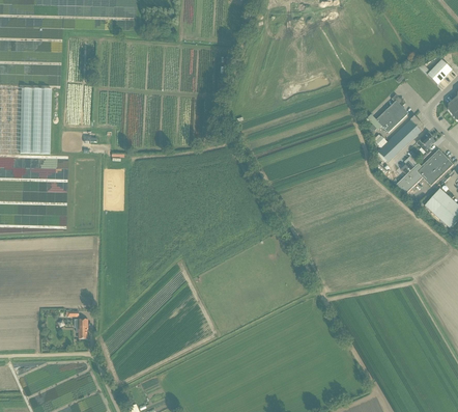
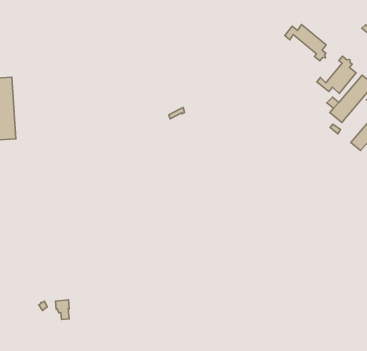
building: none -> [285,25,326,61]

